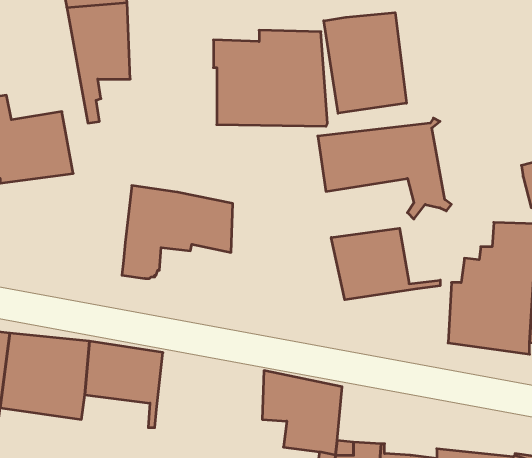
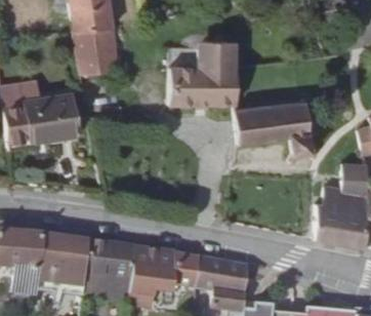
building: [324,13,406,113] -> none
building: [122,186,233,278] -> [130,246,200,305]
building: [331,228,440,300] -> none

